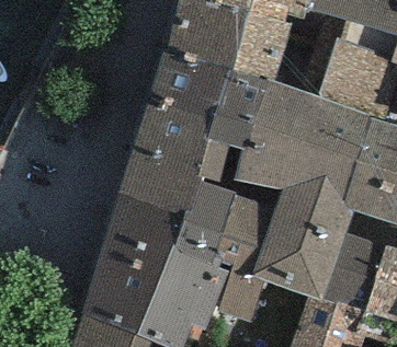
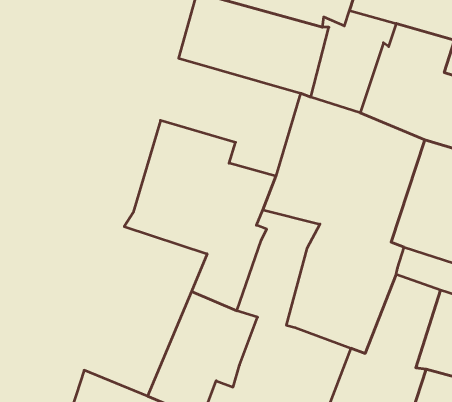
building: [148,50,266,150] -> none
building: [213,178,283,324] -> none
building: [83,193,188,336] -> none

